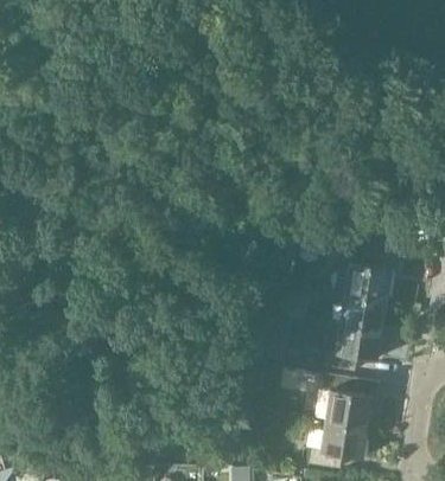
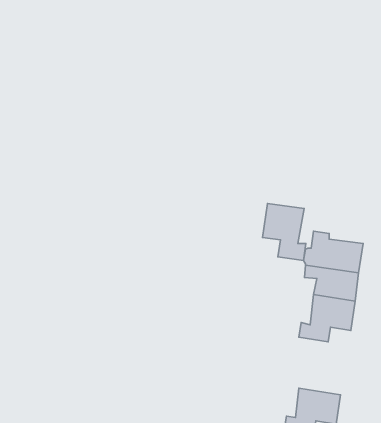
building: none -> [263,203,306,261]
building: [322,373,374,427] -> none

